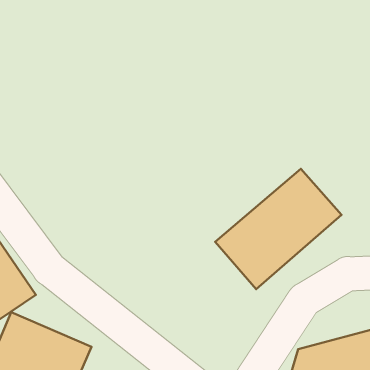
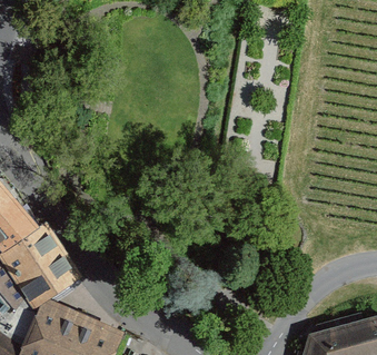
building: [215,169,342,289] -> none

